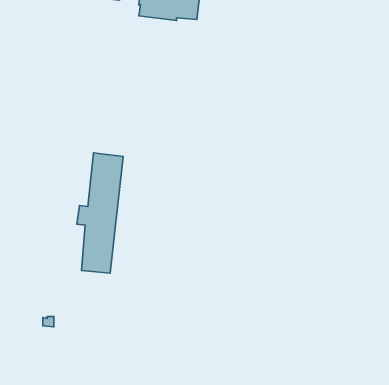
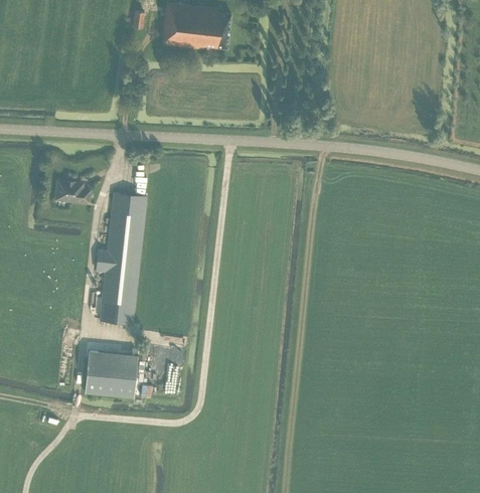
building: none -> [53,180,88,201]
building: none -> [83,349,135,394]

